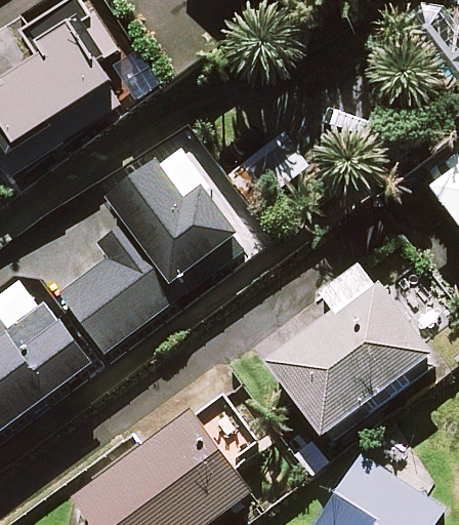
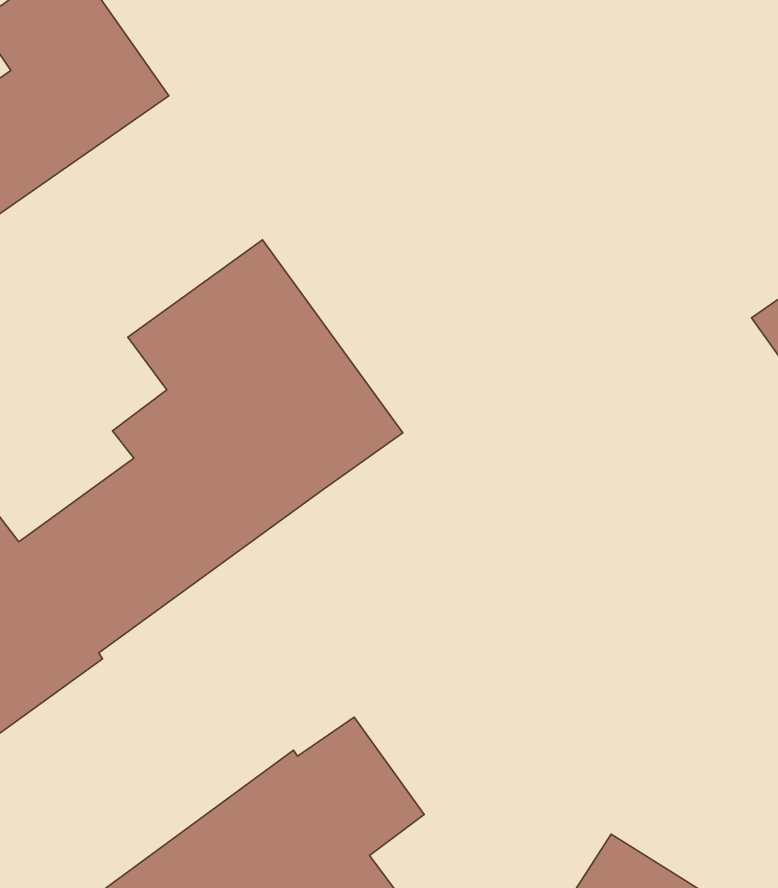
building: [265,261,429,436] -> none

